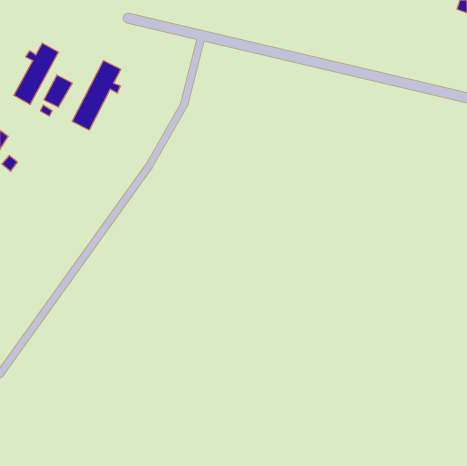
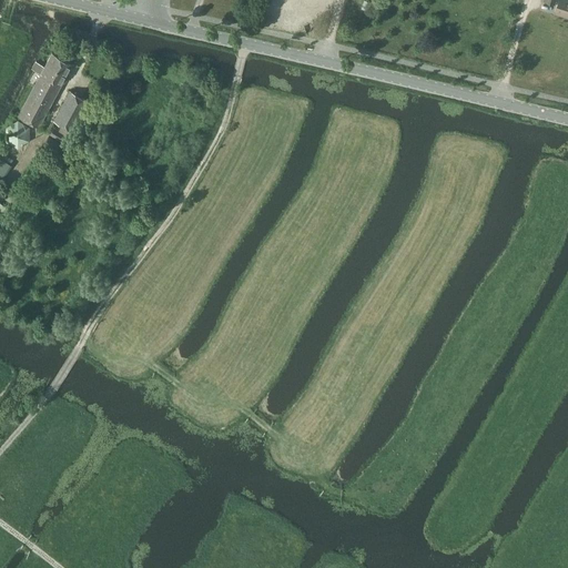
building: [72,61,121,130] -> none

